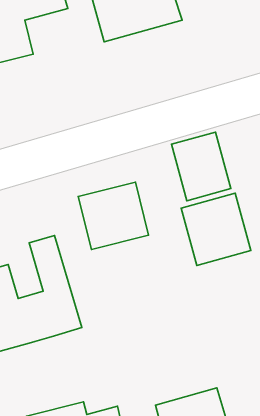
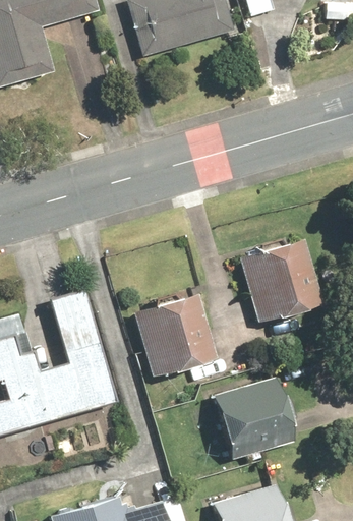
building: [171,132,231,201] -> none
building: [78,182,149,249] -> [135,301,222,384]
building: none -> [199,374,286,458]

